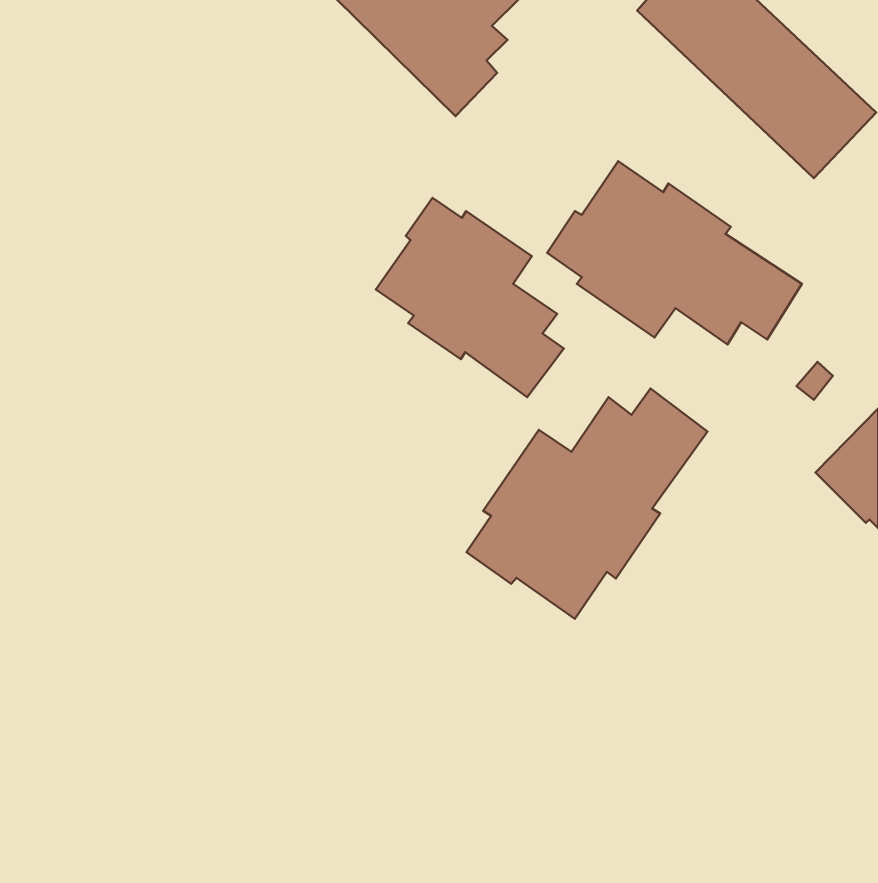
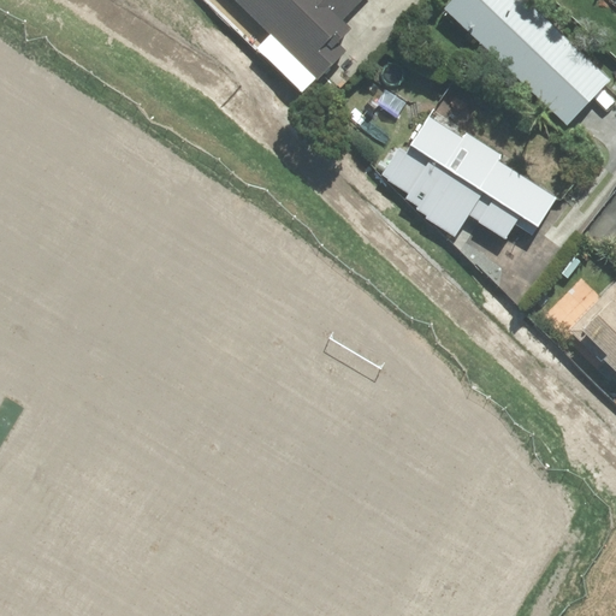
building: [376,198,564,397] -> none
building: [467,388,708,619] -> none

